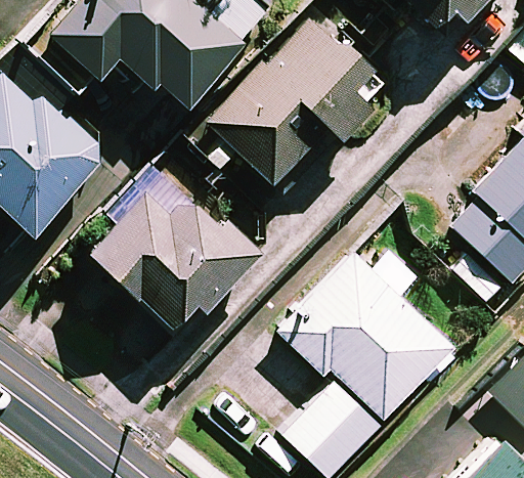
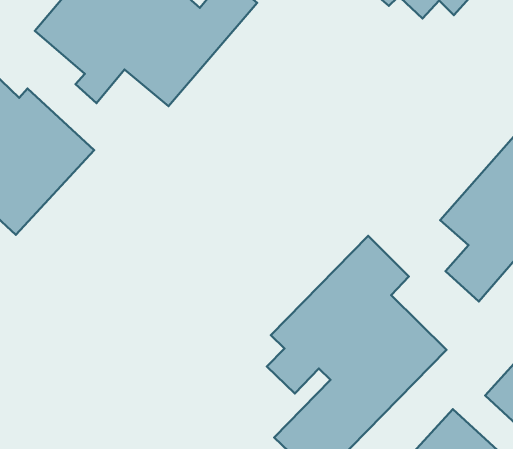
building: [191,17,383,197] -> none
building: [90,192,256,324] -> none

